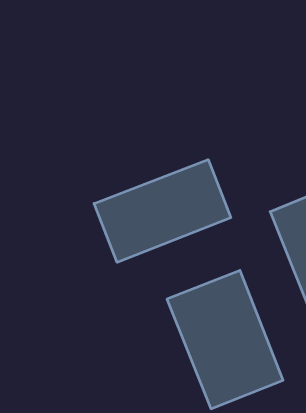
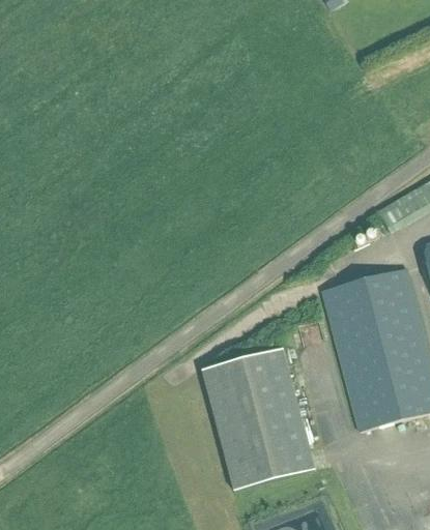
building: [94,160,231,262] -> none

